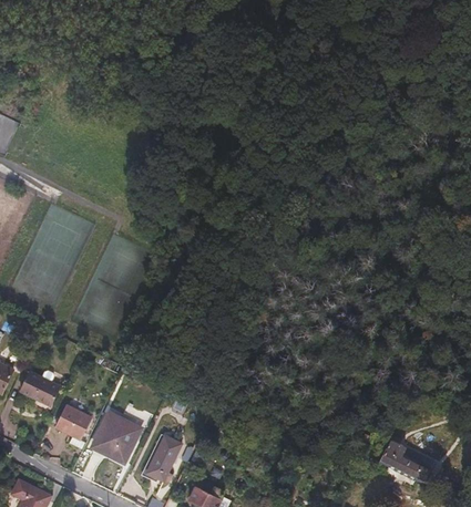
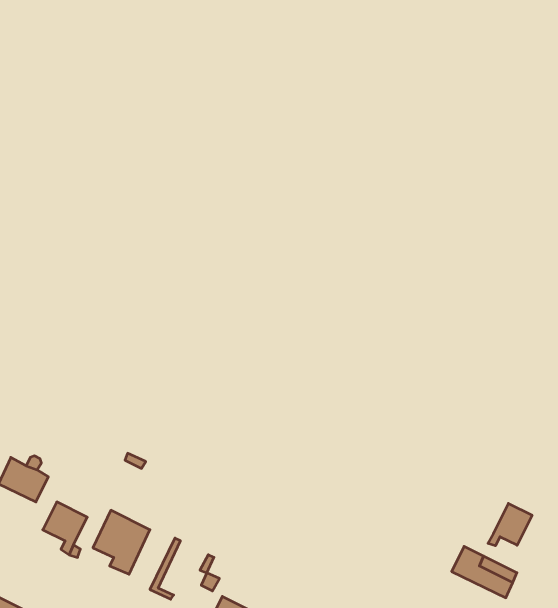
building: none -> [488,503,532,546]
building: [147,436,181,480] -> none

